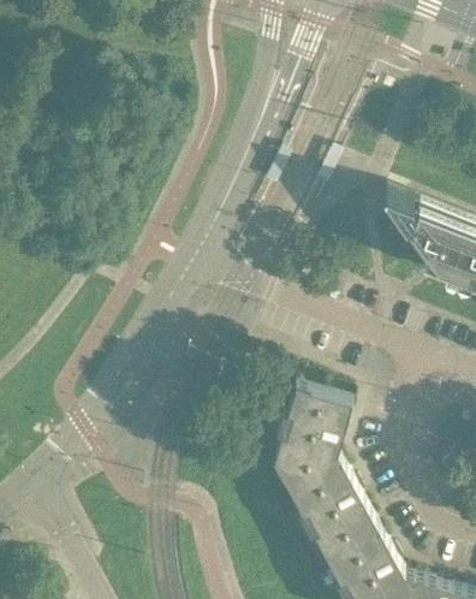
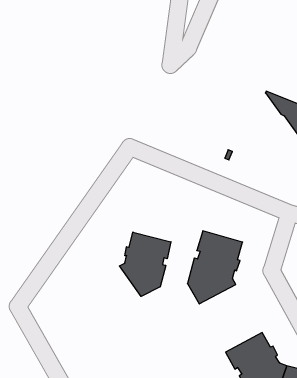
building: none -> [119,232,171,296]
building: [291,463,380,559] -> none

